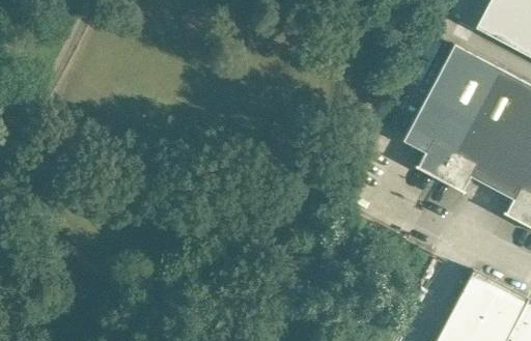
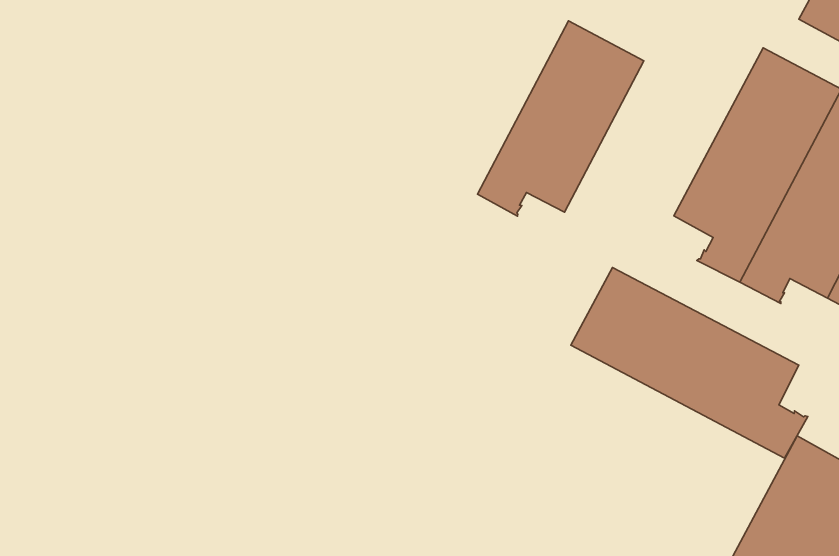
building: none -> [477,21,644,216]
building: none -> [571,267,808,458]

